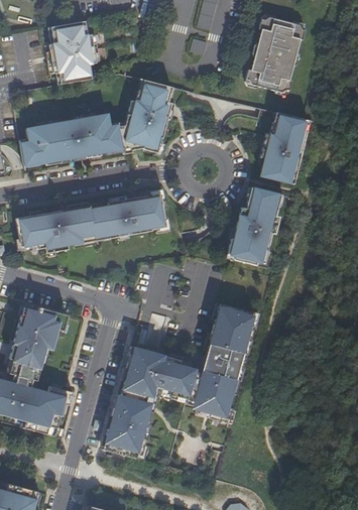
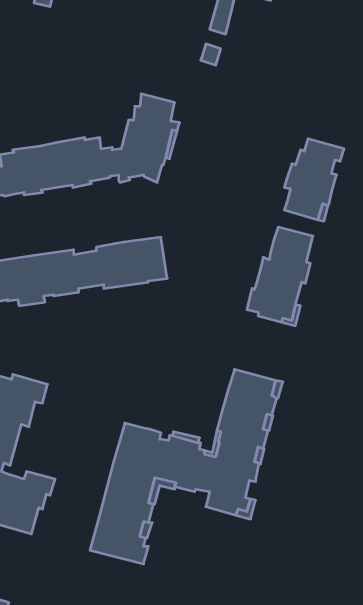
building: [246,19,306,93] -> none
building: [49,20,97,84] -> none

